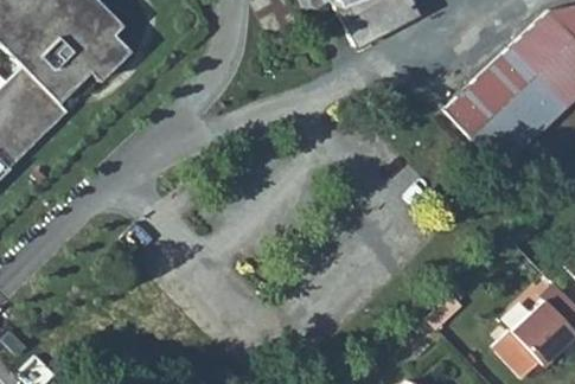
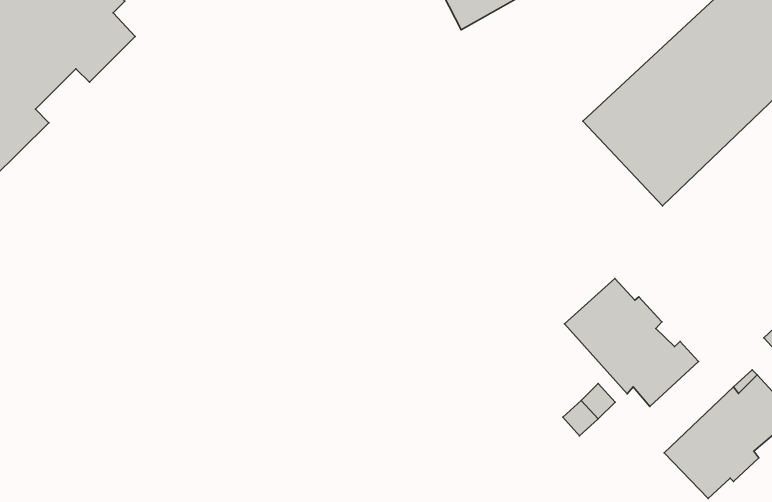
building: none -> [564,279,699,407]

